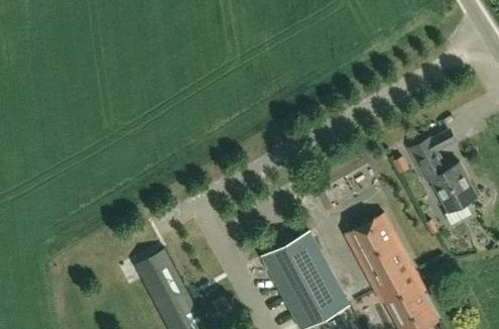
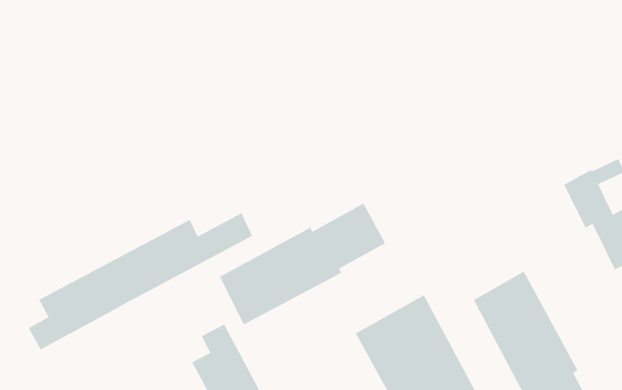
building: none -> [219,203,386,326]
building: none -> [28,212,253,351]

